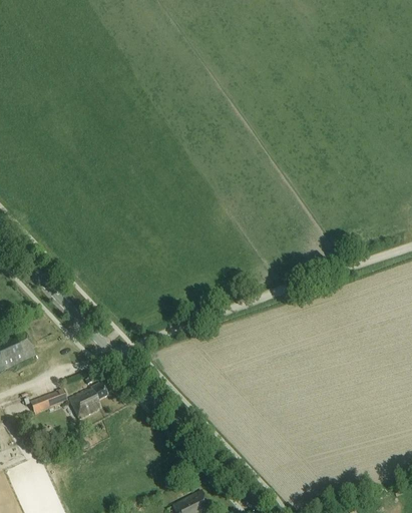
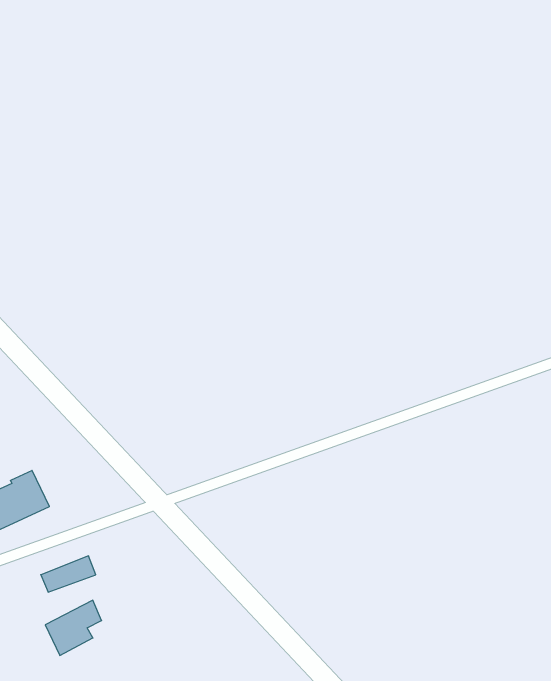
building: [68,381,107,419] -> [45,600,102,655]

